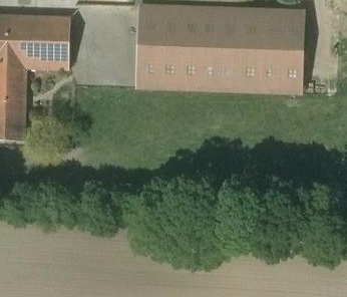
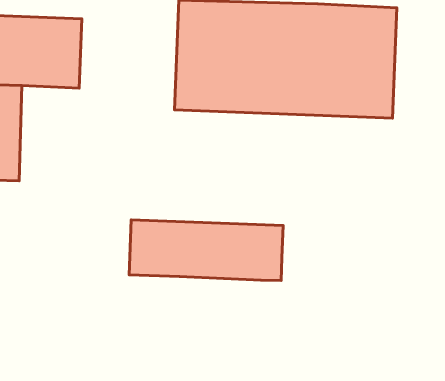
building: none -> [129,220,283,281]

